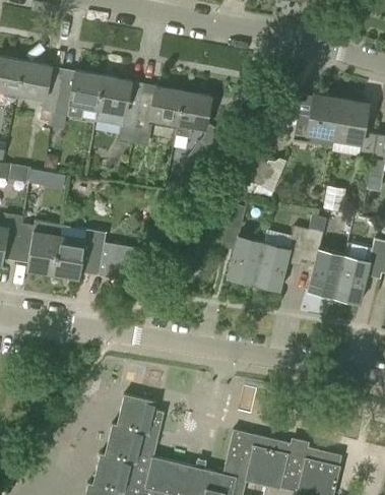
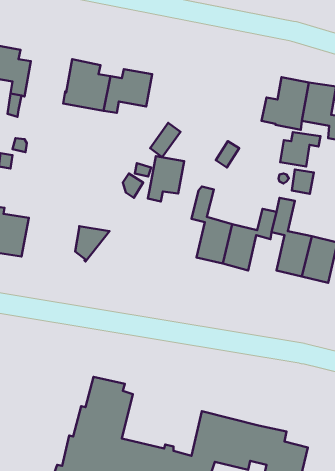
building: [56,71,104,118] -> none
building: [176,91,212,137] -> [148,156,184,202]
building: none -> [280,132,320,166]
building: [53,226,107,279] -> none

